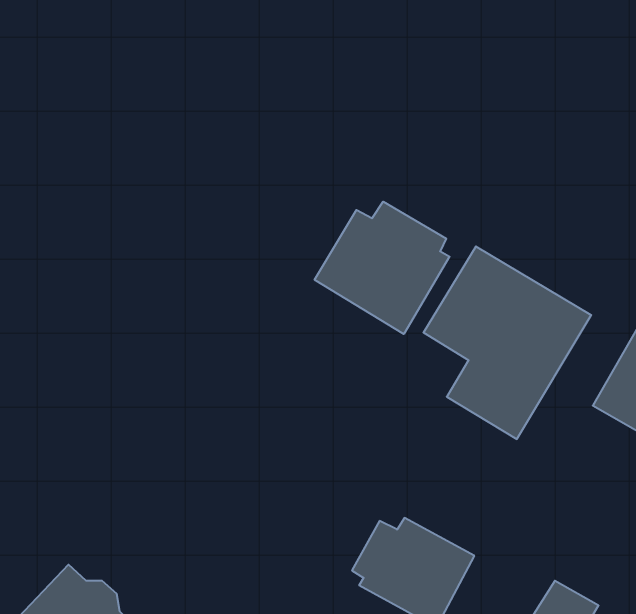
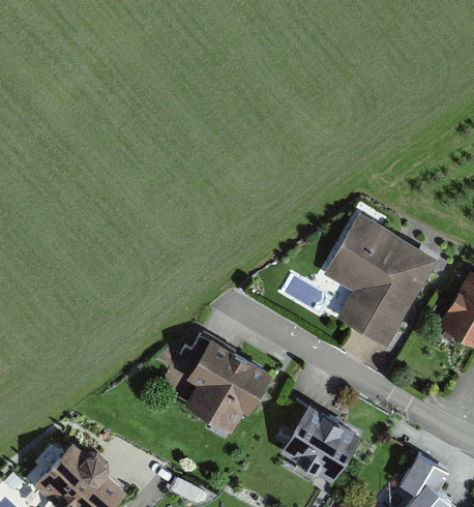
building: [315,202,450,334] -> none
building: none -> [183,334,272,427]

